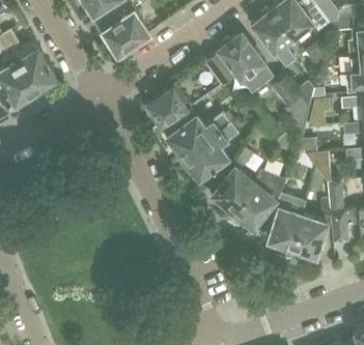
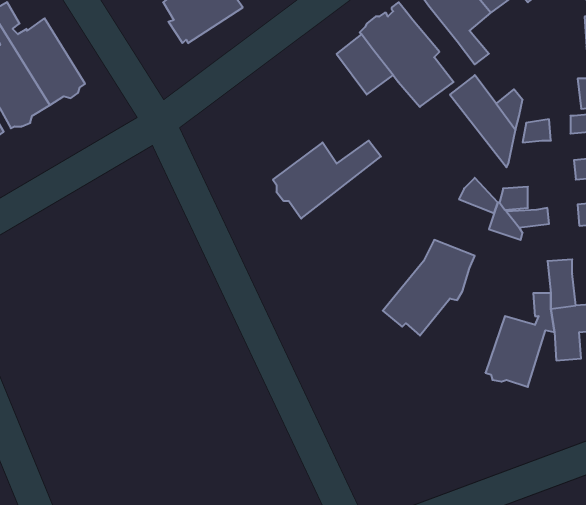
building: [145,84,192,127] -> none
building: [184,122,237,179] -> none
building: [214,148,255,212] -> none
building: [269,188,303,250] -> none

